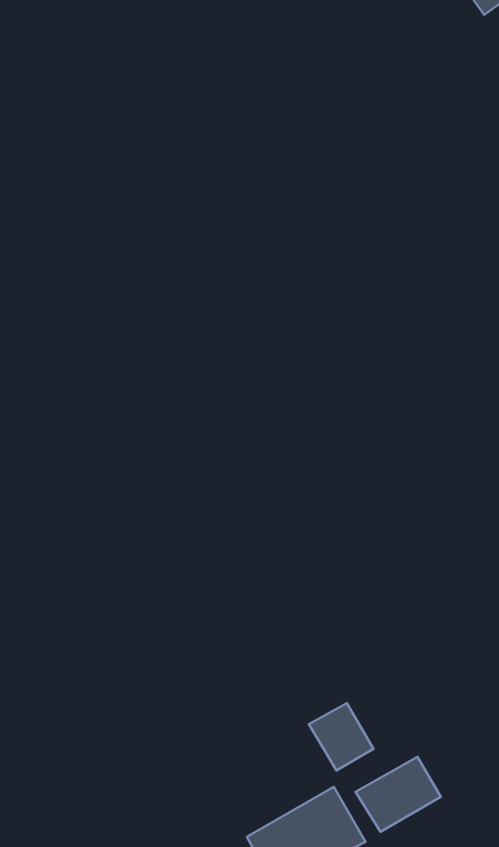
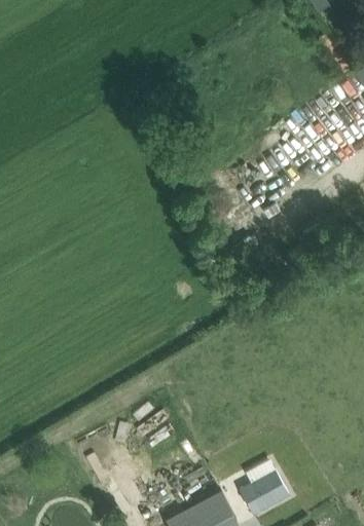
building: [309,703,373,770] -> none

